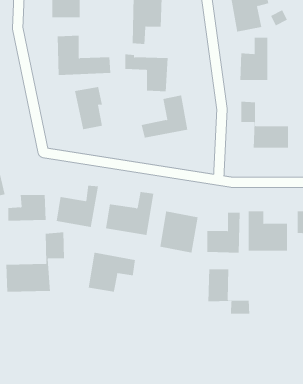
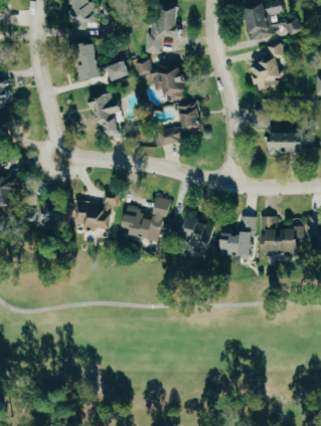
building: [6,231,65,293] -> none
building: [88,252,136,293] -> none
building: [208,268,250,315] -> none

